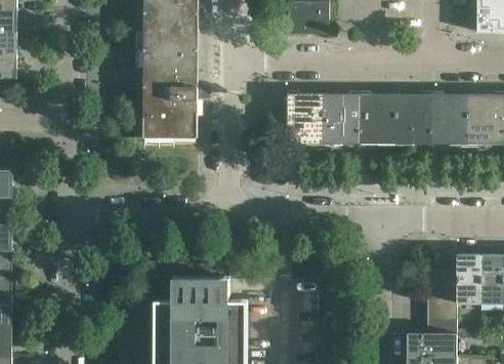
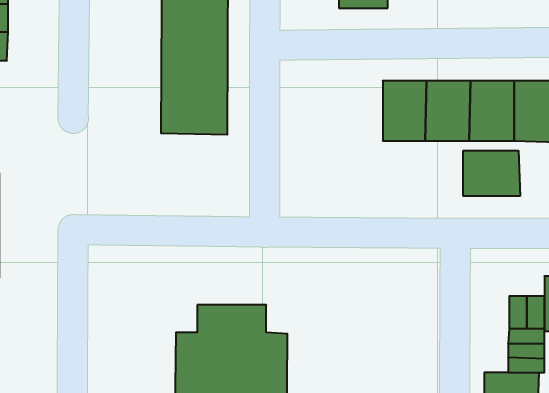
building: [288,93,325,144] -> none
building: none -> [463,151,520,196]

